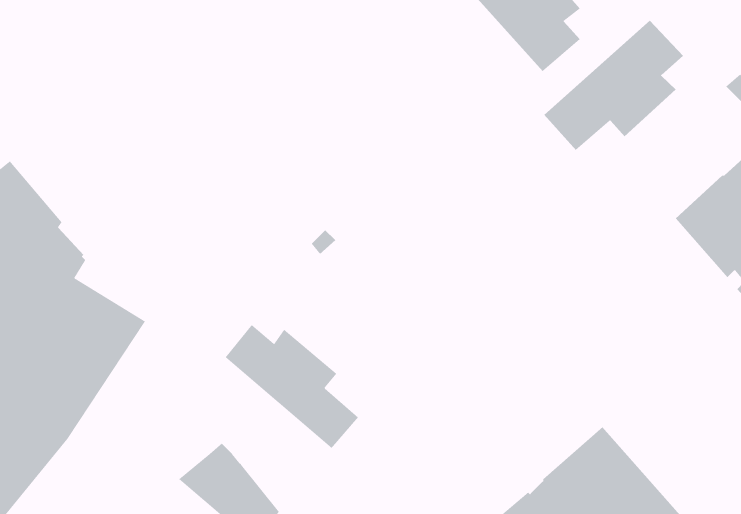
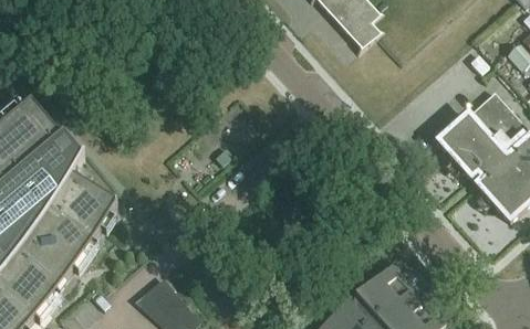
building: [544,20,684,151] -> none
building: [225,324,359,449] -> none

